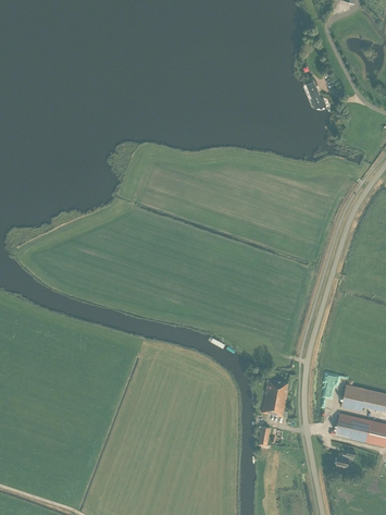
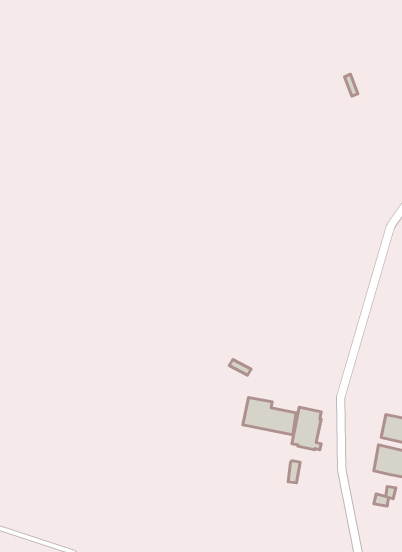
building: none -> [243,397,296,435]

